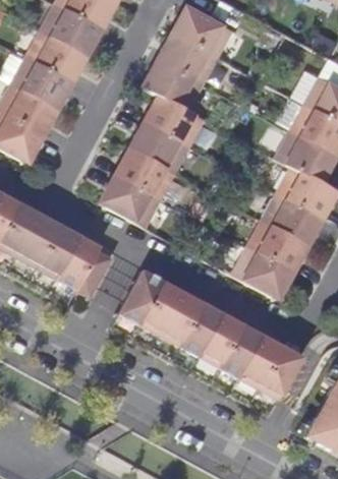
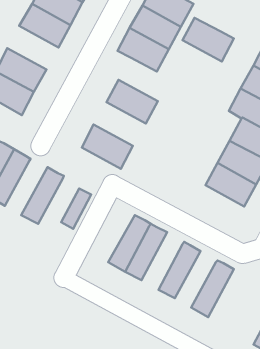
building: [12,56,73,108] -> none
building: [145,94,206,145] -> [182,18,234,62]
building: [115,146,177,198] -> none
building: [9,214,60,281] -> none
building: [49,234,100,302] -> none
building: [233,245,294,298] -> none
building: [112,268,164,337] -> none
building: [172,301,223,369] -> none
building: [212,323,263,391] -> none
building: [251,345,302,412] -> none

